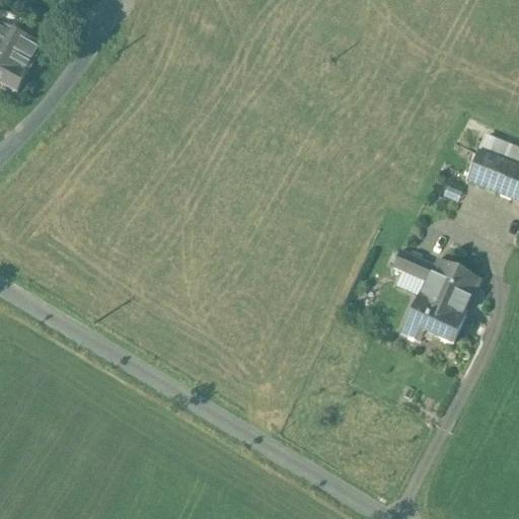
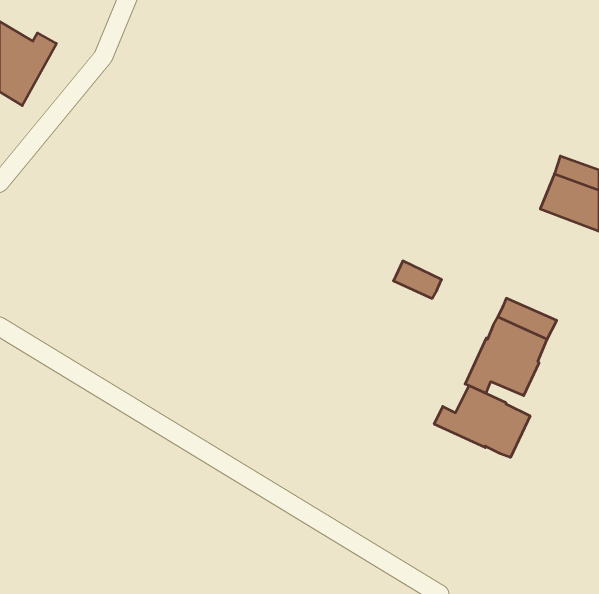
building: [392,248,434,281] -> [393,261,442,298]
building: none -> [434,386,530,457]

